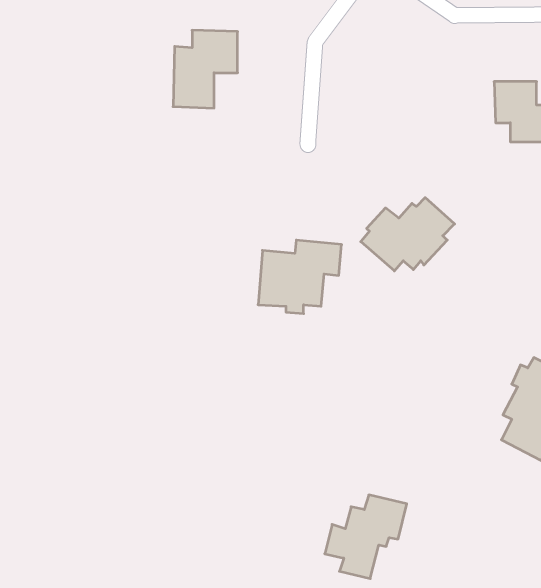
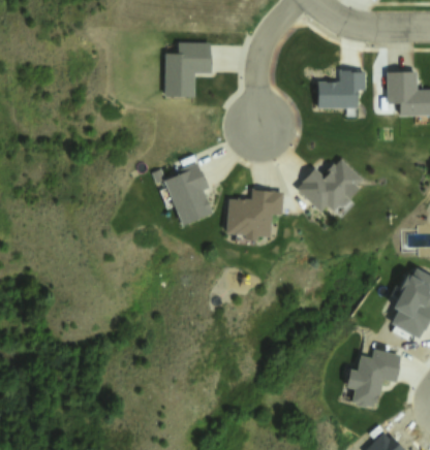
building: none -> [321,73,367,110]
building: none -> [163,159,211,223]
building: [325,495,407,579] -> [344,348,402,407]

